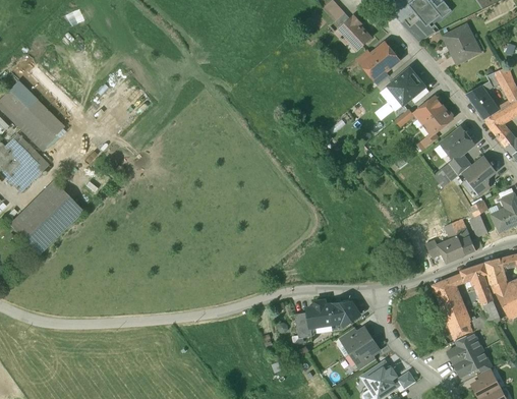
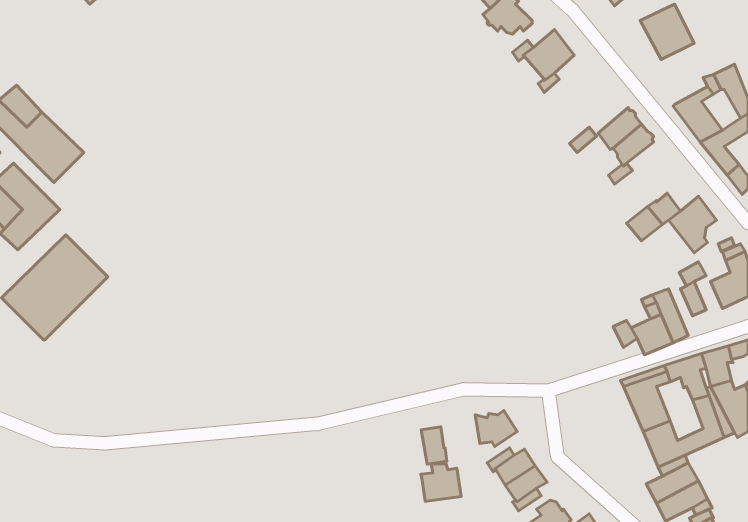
building: [387,68,423,104] -> none
building: [442,128,473,160] -> none
building: [306,301,334,327] -> [421,464,461,501]

